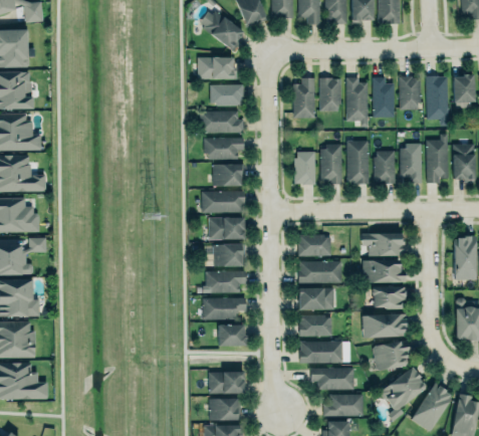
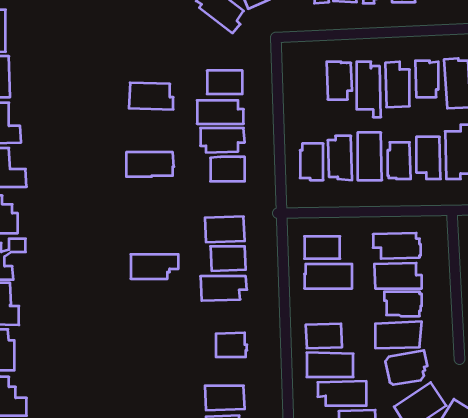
building: [197,55,237,79] -> [129,83,173,109]
building: [293,79,314,120] -> none
building: [202,191,245,213] -> [126,152,174,177]
building: [298,288,334,311] -> none
building: [203,297,246,319] -> [131,254,178,279]

